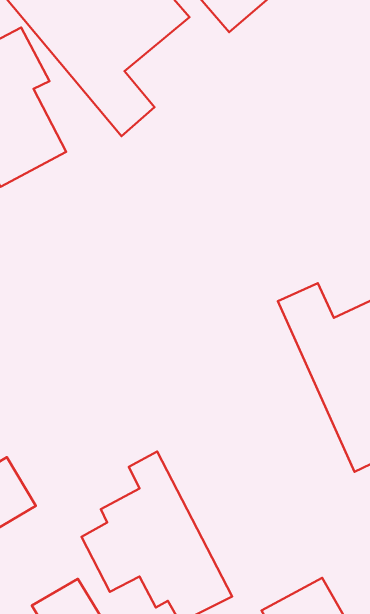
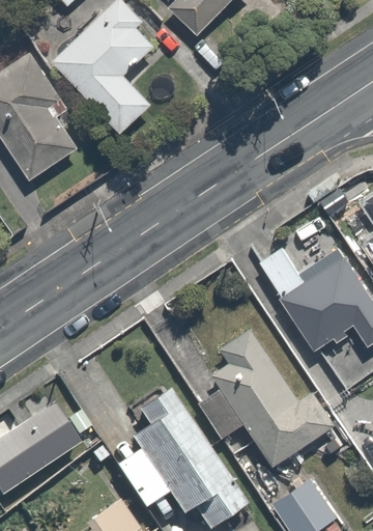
building: none -> [202,333,332,464]

